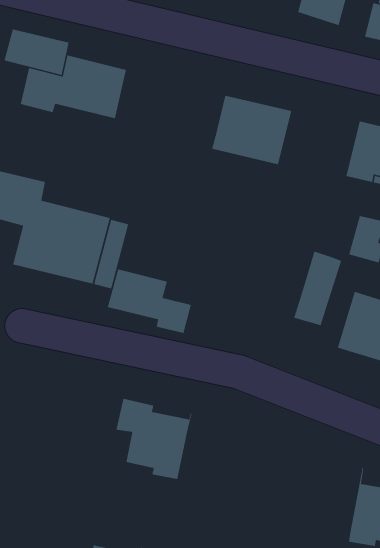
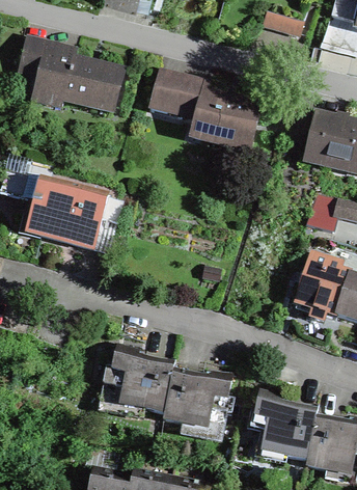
building: none -> [148,75,209,122]
building: [293,250,342,326] -> none
building: [107,269,192,334] -> none
building: none -> [163,371,234,425]
building: none -> [255,391,317,460]

